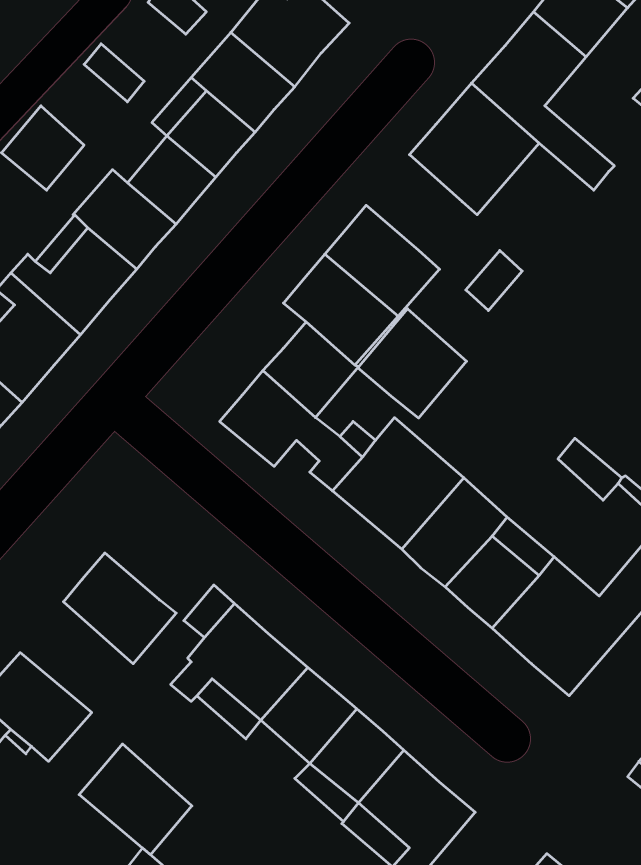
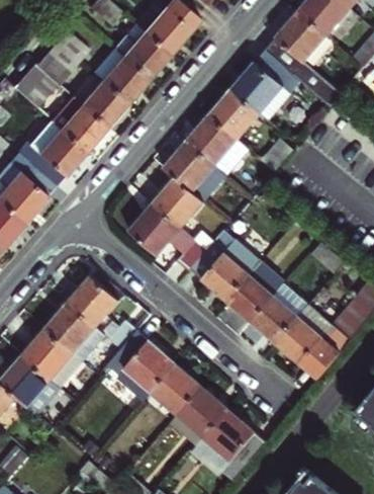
building: none -> [35,39,80,84]
building: none -> [208,88,260,140]
building: [358,309,467,418] -> none
building: none -> [68,276,120,328]
building: [79,744,192,855] -> [22,329,83,389]

